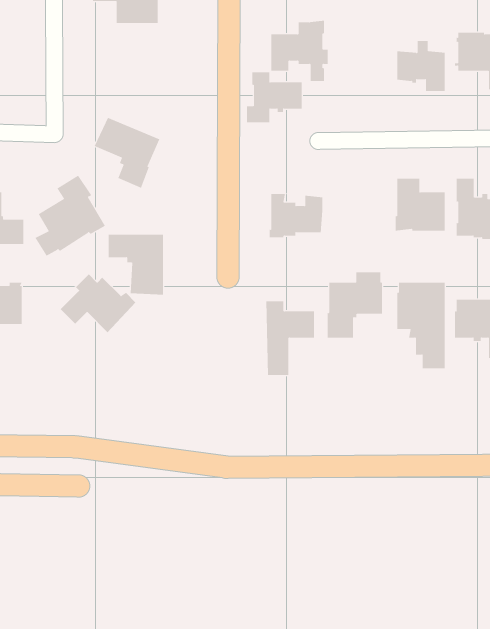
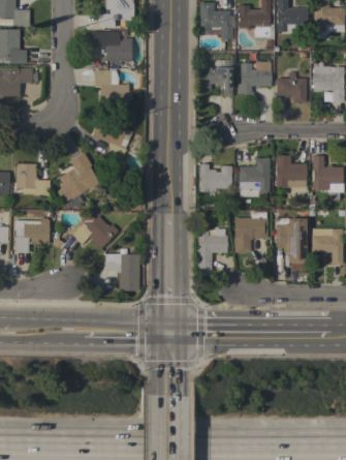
building: none -> [94,70,131,104]
building: [246,72,302,123] -> [237,63,271,94]
building: none -> [239,158,270,196]
building: [108,234,164,295] -> [104,254,138,292]

